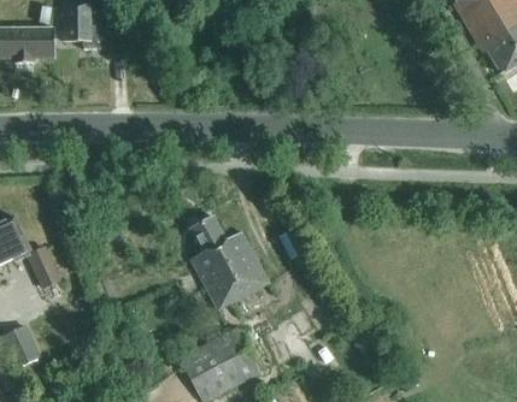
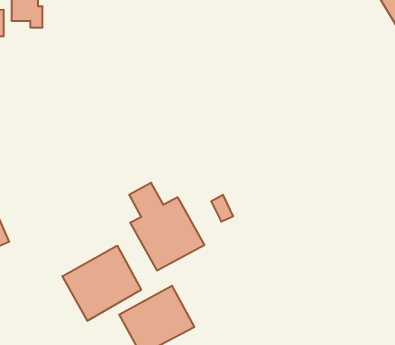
building: none -> [62,246,141,321]

